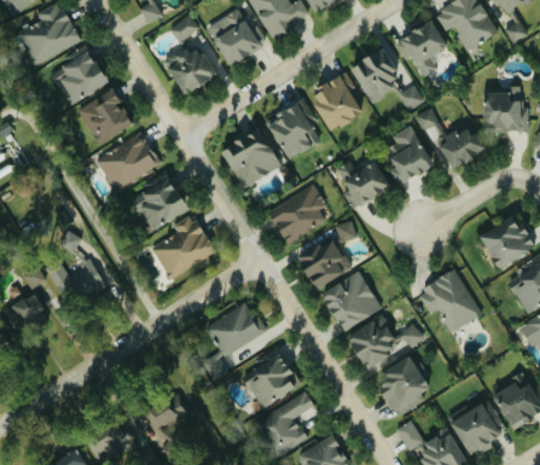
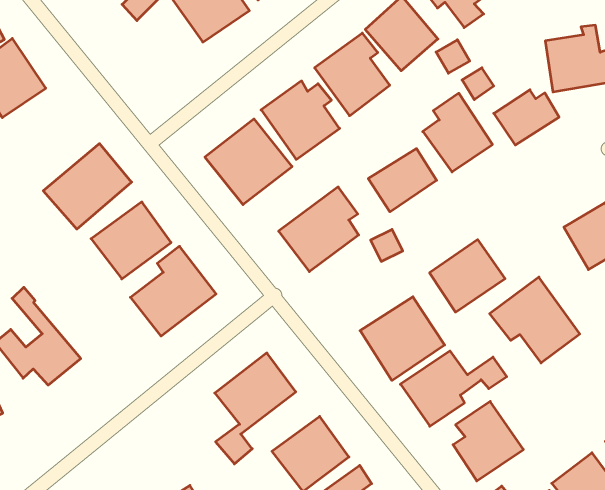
building: [162,45,217,94] -> none
building: [77,88,133,144] -> none
building: [296,238,352,290] -> [430,240,505,312]

